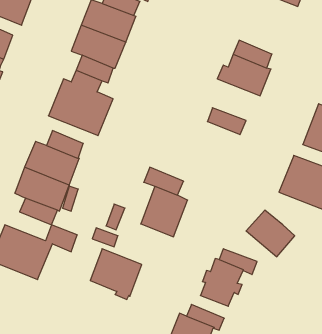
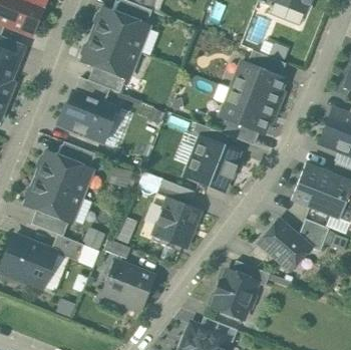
building: none -> [224,88,273,131]
building: none -> [186,137,237,189]
building: none -> [296,218,328,251]

